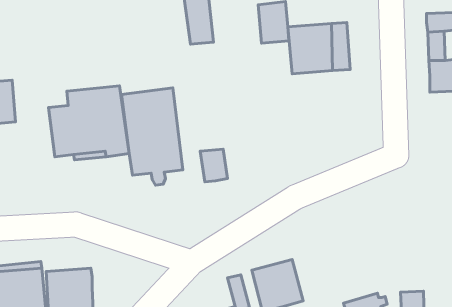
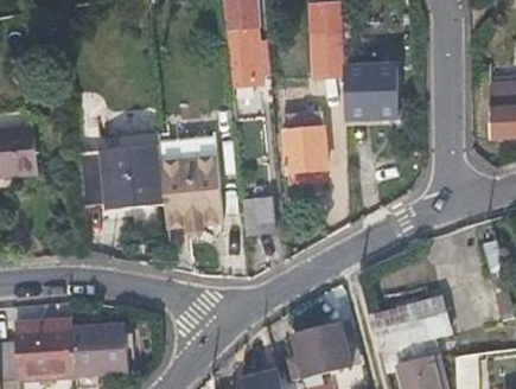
building: none -> [280,119,325,174]
building: none -> [374,298,450,347]

